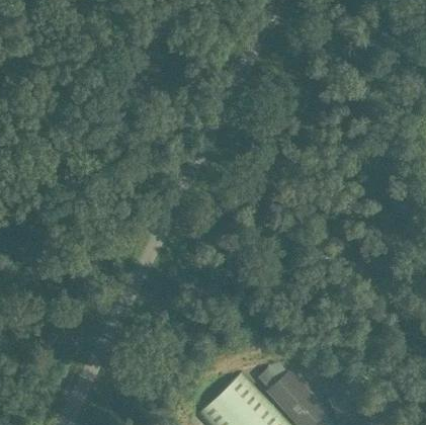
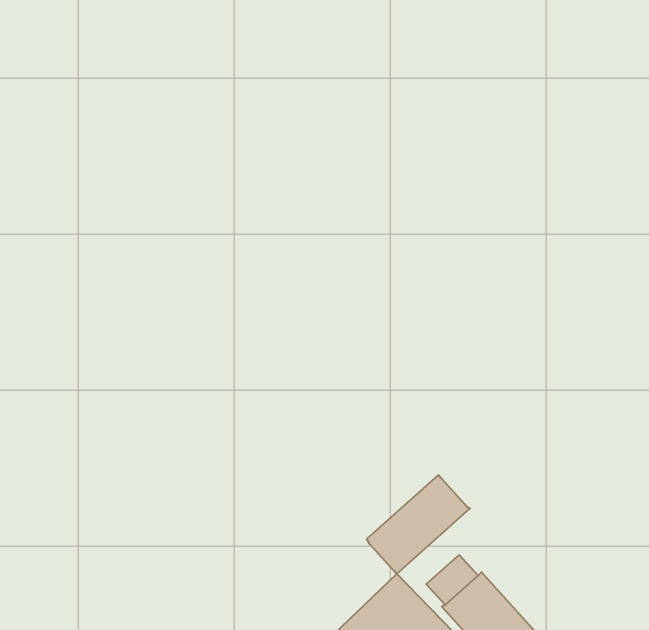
building: none -> [367,475,470,574]

